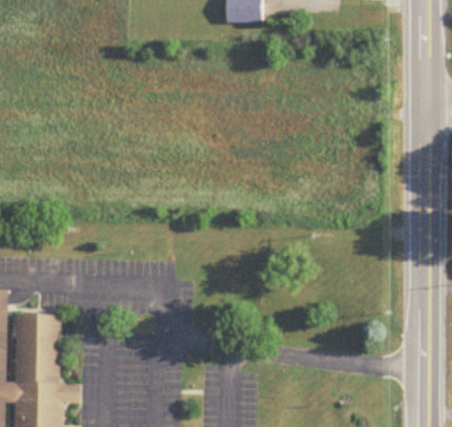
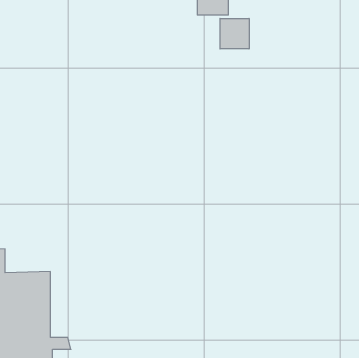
building: none -> [220,18,249,49]

